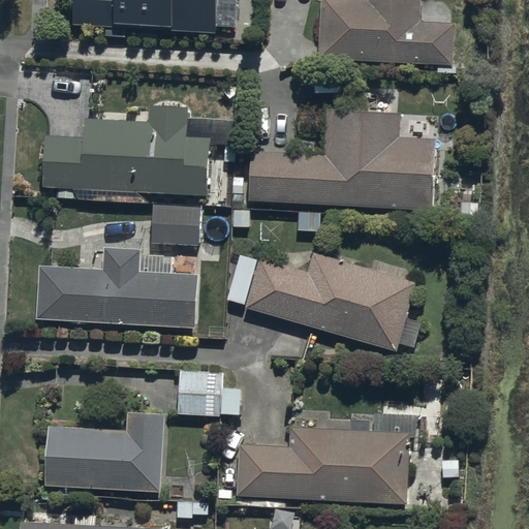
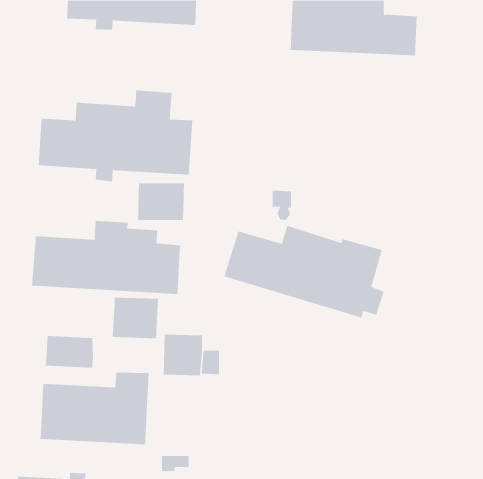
building: [246,107,435,209] -> none
building: none -> [112,297,159,339]
building: none -> [46,335,94,369]
building: [236,413,419,503] -> none

